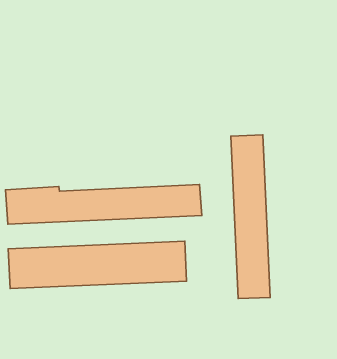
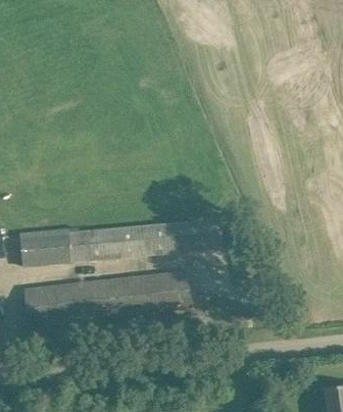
building: [231,135,270,299] -> none

